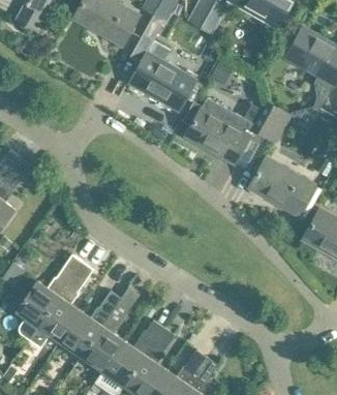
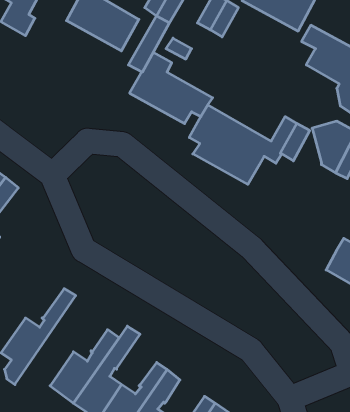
building: [248,159,319,219] -> none
building: [28,262,93,348] -> none

